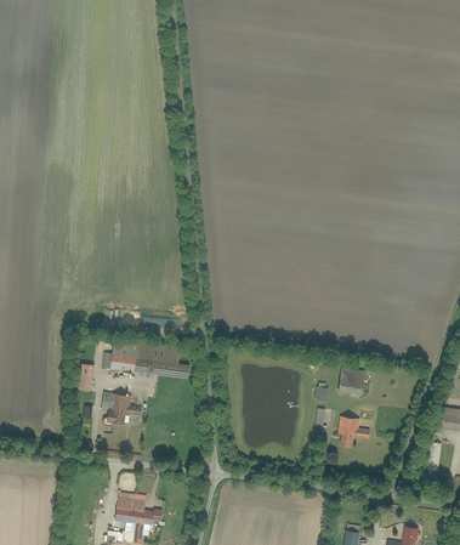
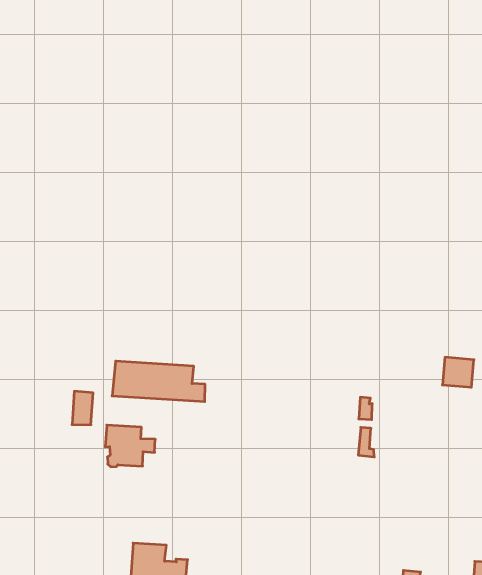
building: [337,367,365,393] -> [442,357,474,387]
building: [336,415,370,445] -> none

